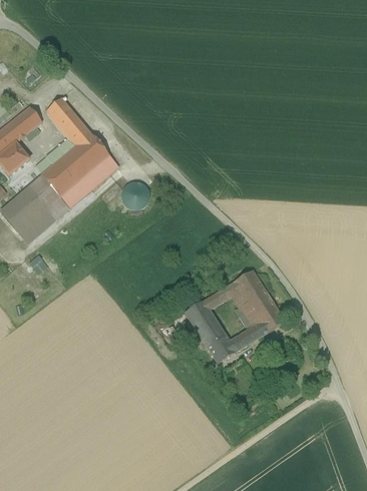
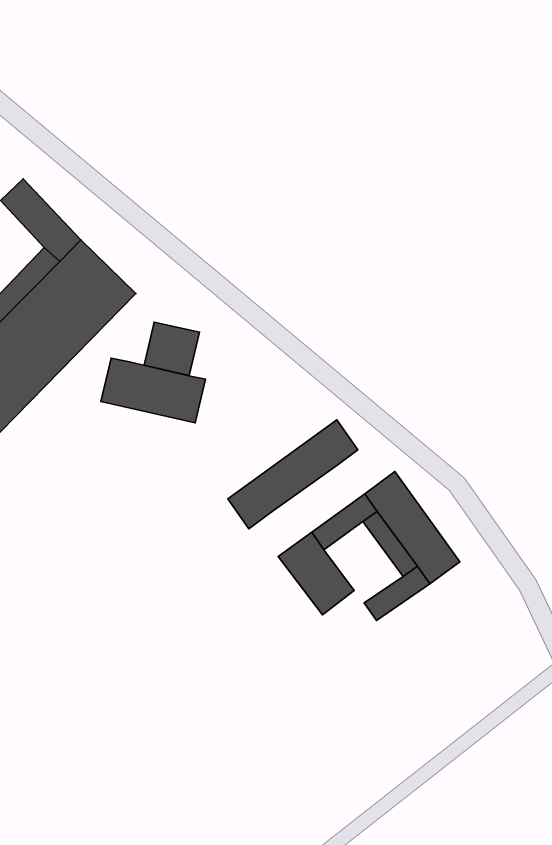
building: none -> [101,358,205,423]
building: none -> [228,420,358,529]
building: [208,334,237,363] -> none

